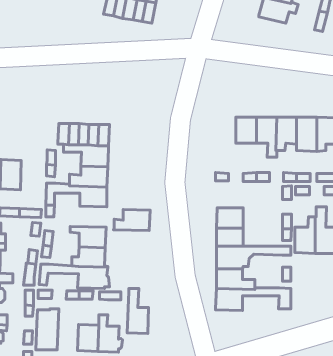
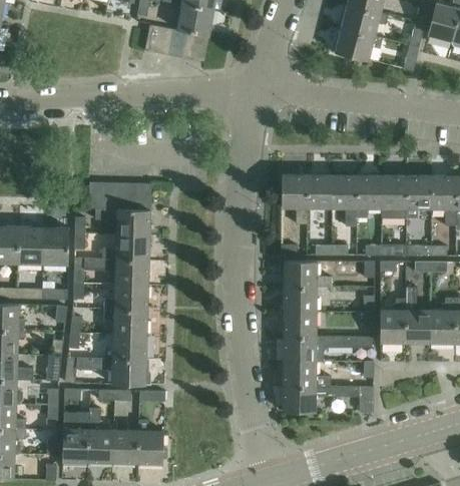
building: none -> [282,176,308,223]
building: none -> [42,229,68,266]
building: none -> [284,262,332,288]
building: [113,209,150,231] -> [103,286,148,312]
building: [127,289,149,333] -> [87,408,113,463]

